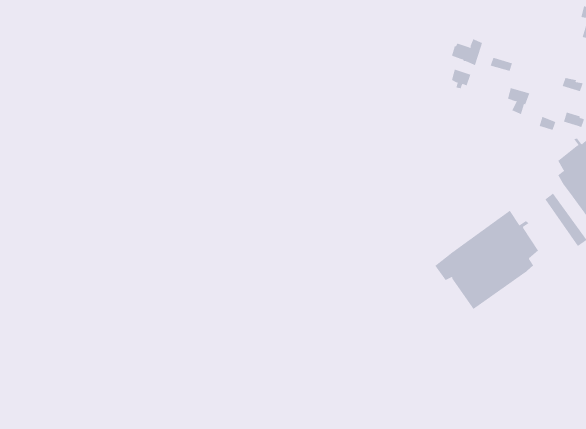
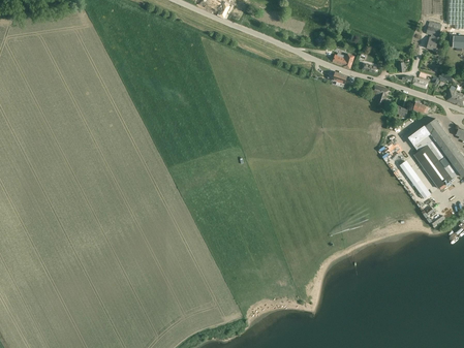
building: [434,210,539,310] -> none

